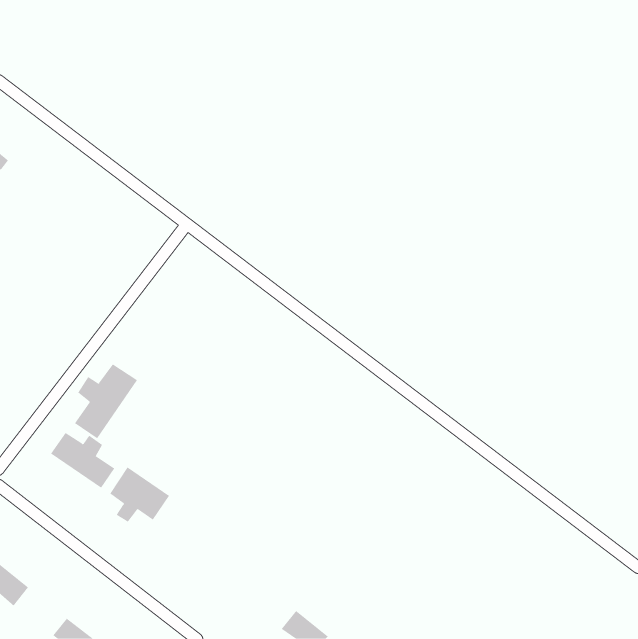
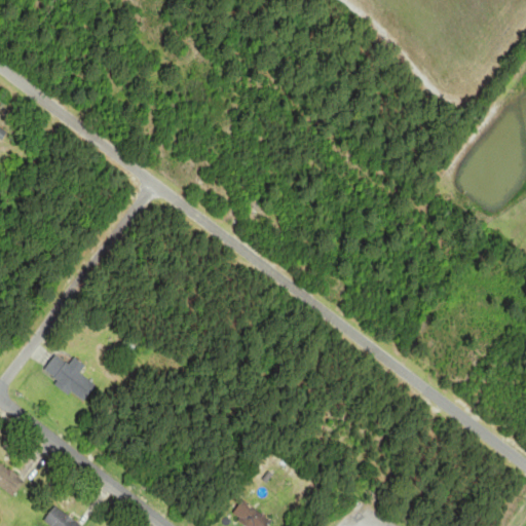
building: [74,363,138,439] -> none
building: [109,467,170,523] -> none

